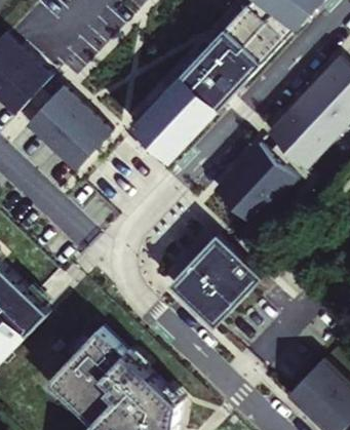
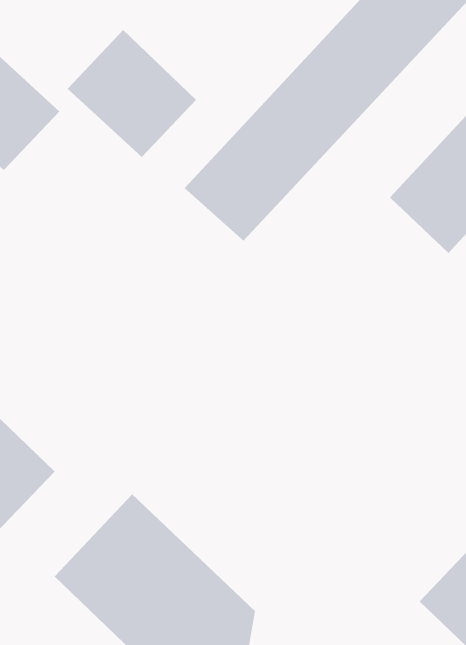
building: [25,86,110,170] -> [67,29,197,158]
building: [213,144,296,226] -> none
building: [168,234,262,328] -> none

